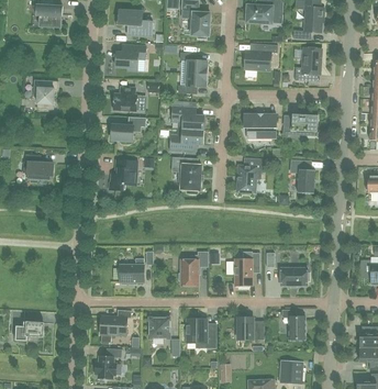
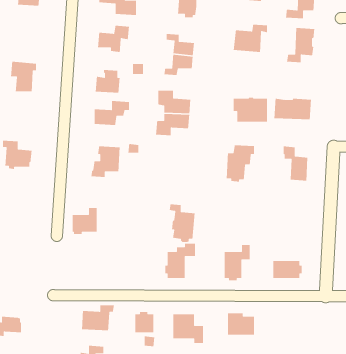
building: [176,155,201,192] -> [169,203,195,243]
building: [119,257,143,284] -> [72,207,97,235]
building: [281,309,304,338] -> none

